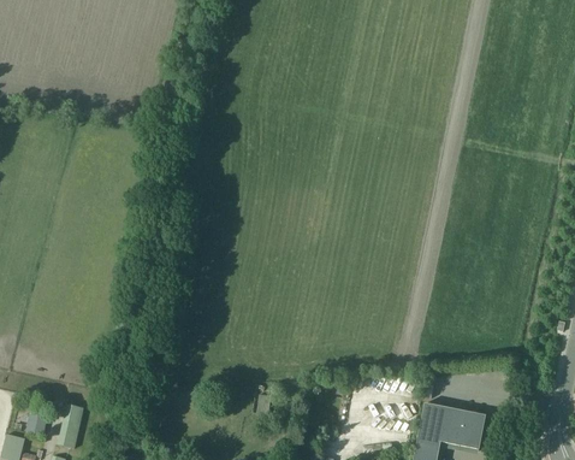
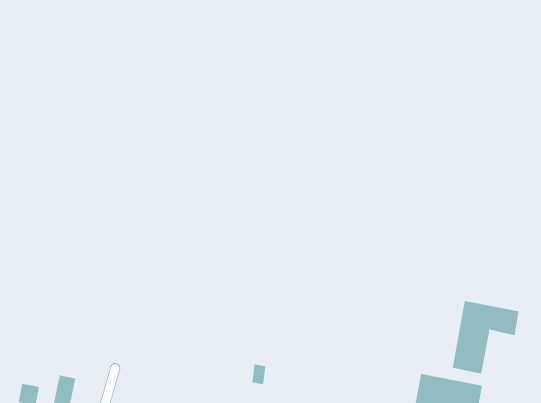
building: none -> [452,300,519,374]

